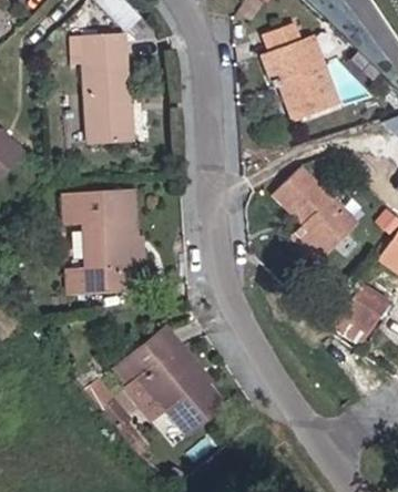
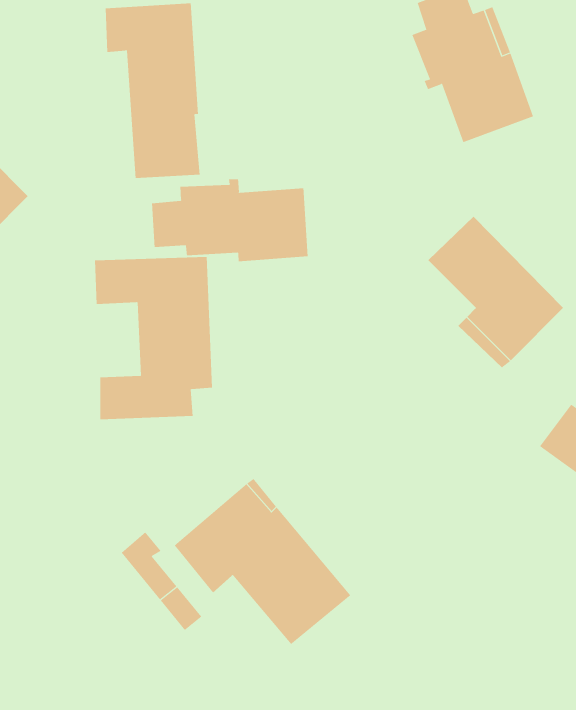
building: none -> [152,178,308,262]

